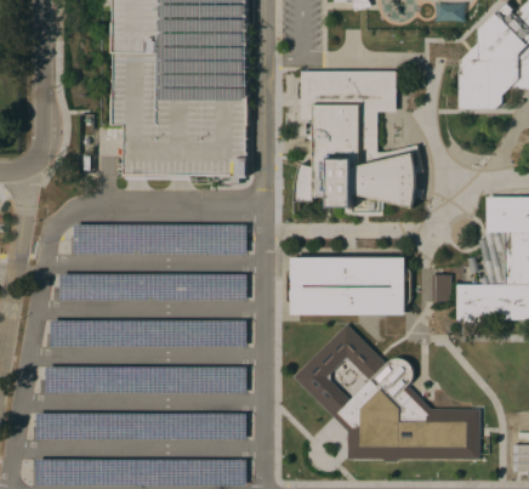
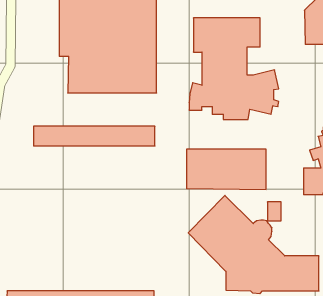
building: [59,274,246,301] -> none
building: [431,275,450,302] -> [267,202,281,221]
building: [50,322,246,346] -> none
building: [45,368,246,393] -> none
building: [36,414,245,439] -> none

